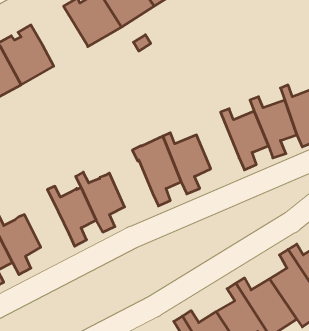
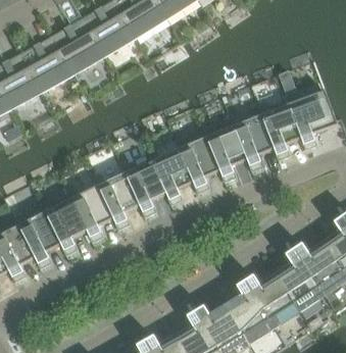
building: none -> [52,19,105,75]
building: none -> [203,118,247,184]
building: none -> [120,162,166,218]
building: none -> [41,200,88,256]

